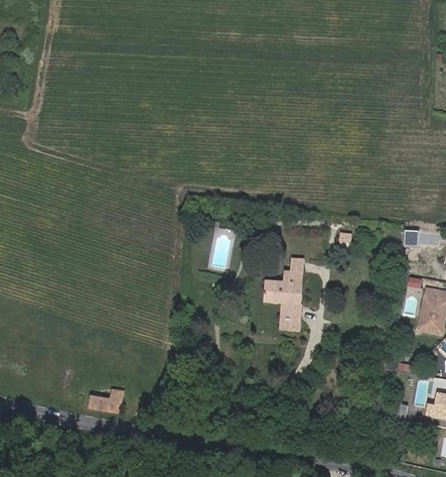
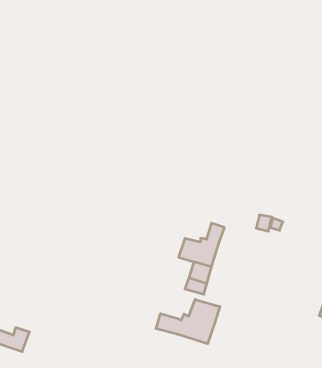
building: none -> [156,299,220,344]

